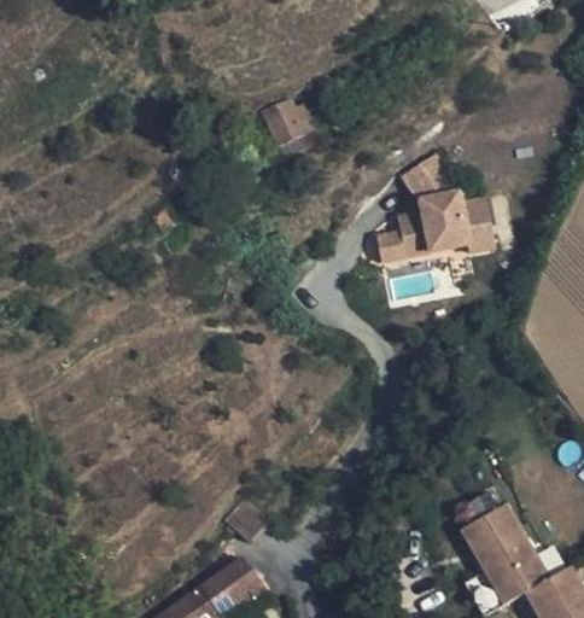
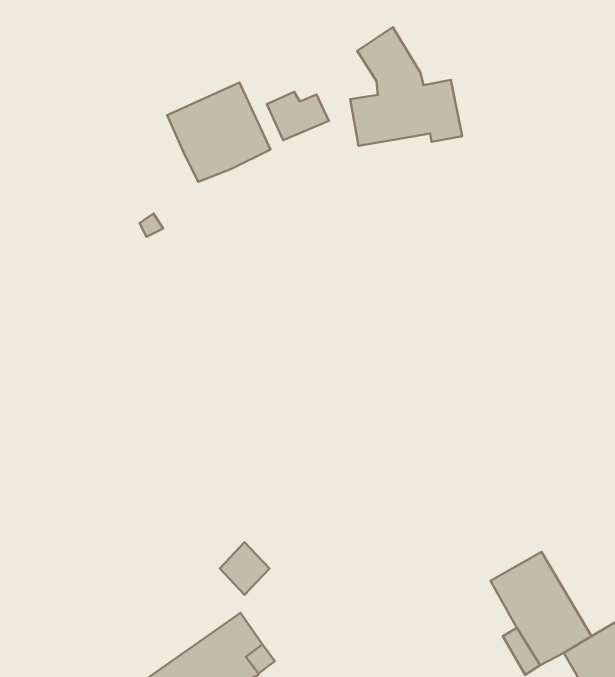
building: none -> [167,83,270,182]
building: [391,159,489,263] -> [350,27,462,146]

